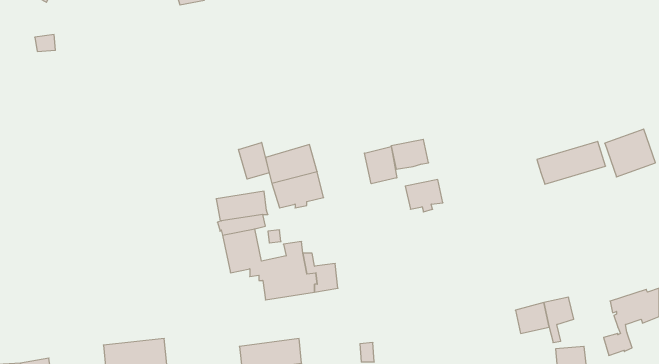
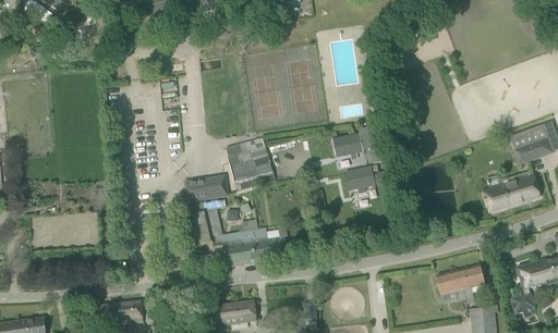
building: [537,141,606,184] -> [482,175,539,211]
building: [239,142,269,179] -> none
building: [364,147,397,184] -> none

